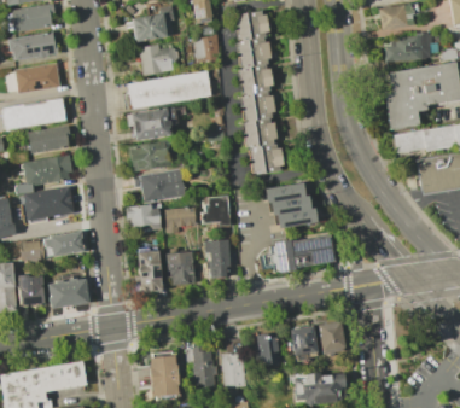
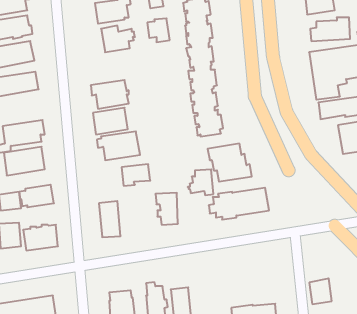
building: [128,70,211,109] -> none
building: [27,126,70,153] -> none
building: [199,196,229,226] -> [188,169,213,195]
building: [124,204,161,229] -> none
building: [165,251,193,284] -> none
building: [318,320,344,350] -> [309,278,332,304]
building: [289,325,316,355] -> none
building: [256,331,280,363] -> none

